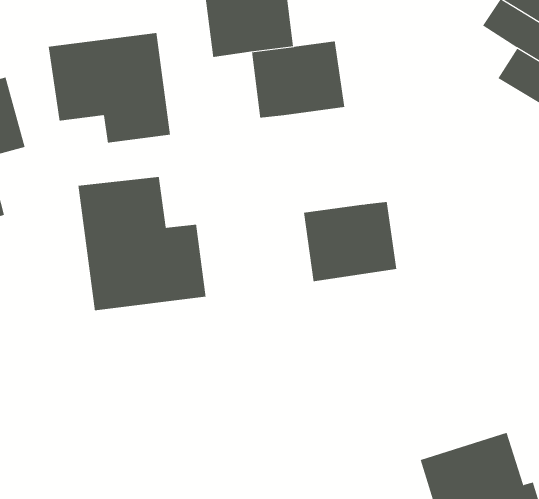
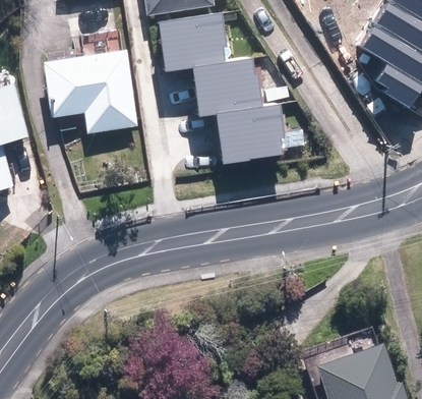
building: [78,176,206,311] -> none
building: [303,202,397,282] -> [218,104,287,163]

